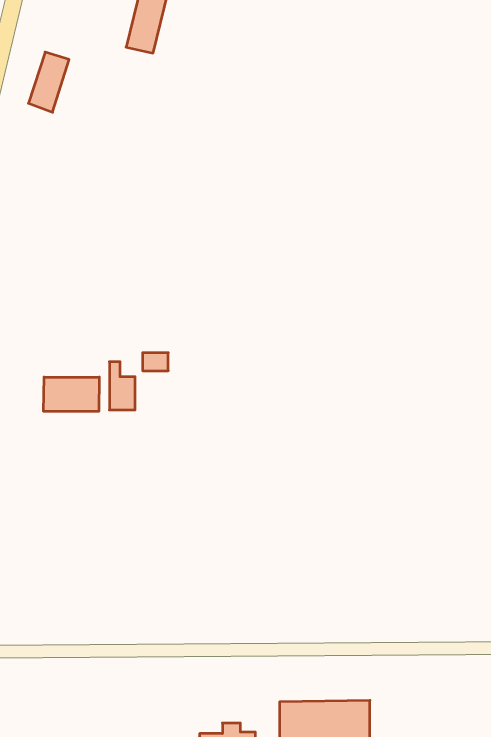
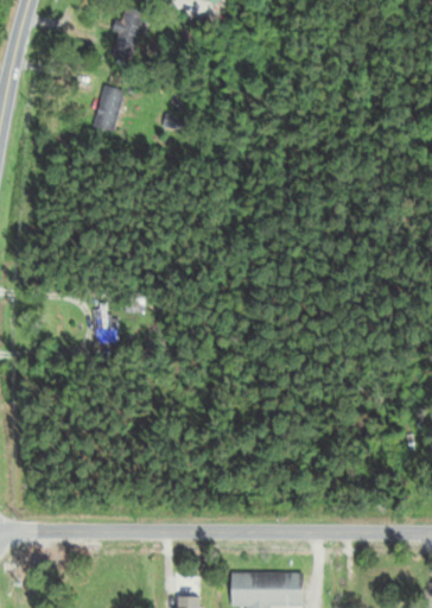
building: [28,52,69,112] -> [93,86,125,133]
building: [44,377,99,411] -> none

